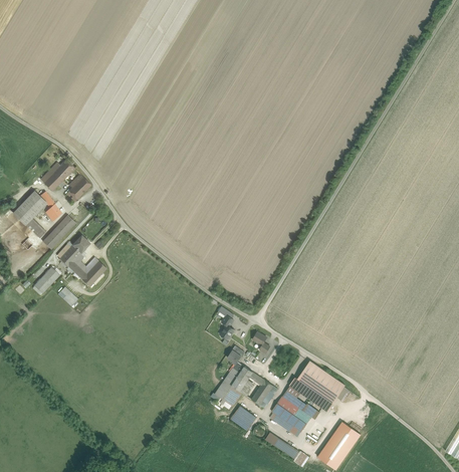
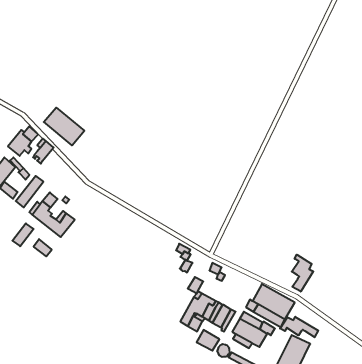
building: none -> [44,108,84,145]
building: none -> [292,255,313,292]
building: none -> [280,317,318,337]

